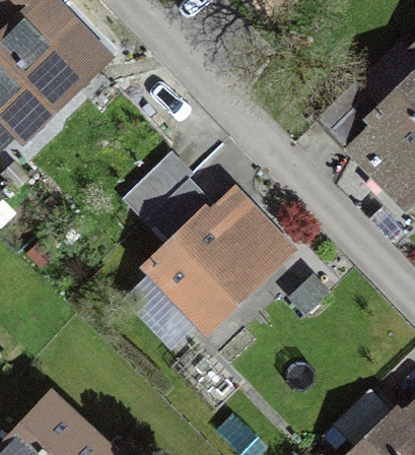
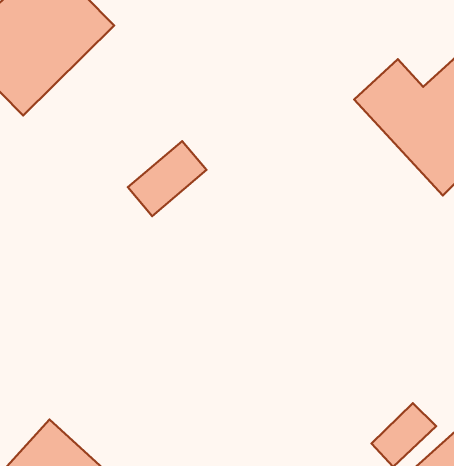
building: [156,194,290,325] -> none

